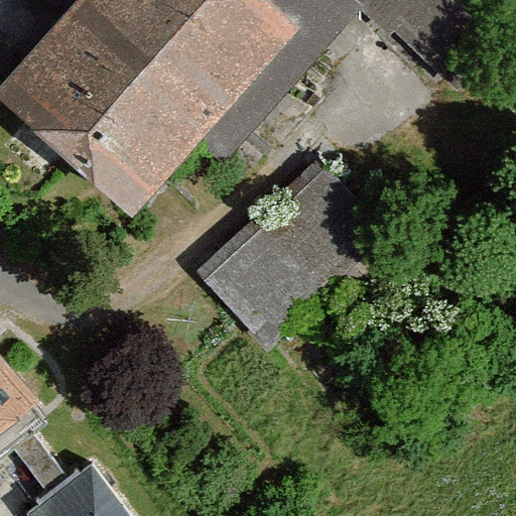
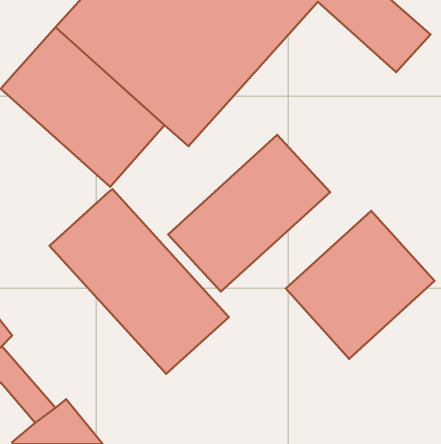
building: none -> [49,189,229,374]
building: none -> [286,211,434,359]

